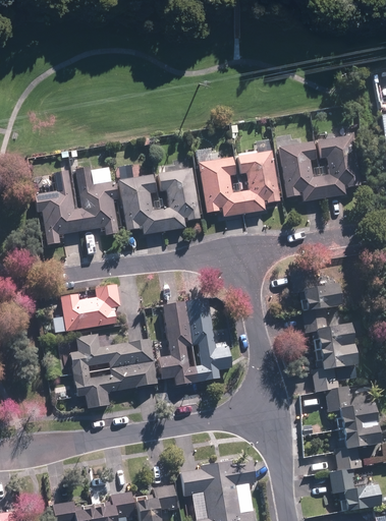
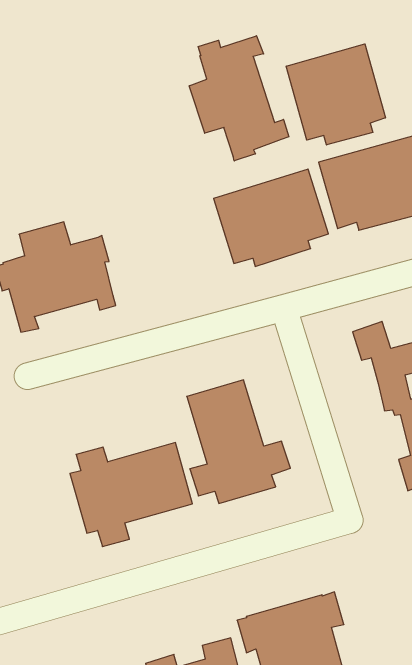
building: none -> [189,36,289,161]
building: none -> [286,44,385,145]
building: [119,168,201,234] -> none
building: [63,288,121,329] -> none

